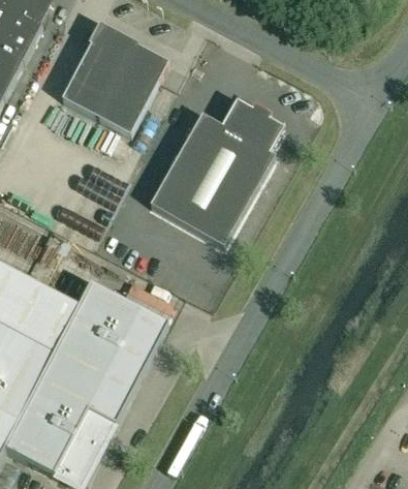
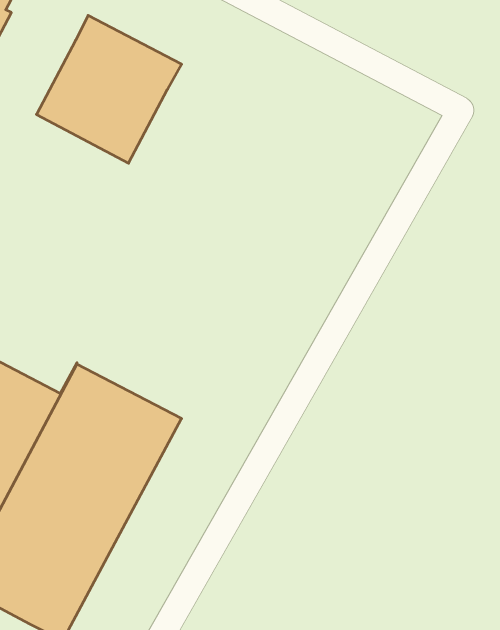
building: [151,97,285,244] -> none

